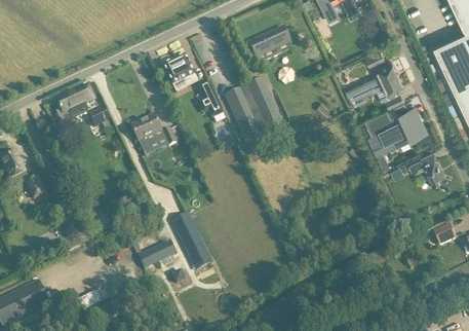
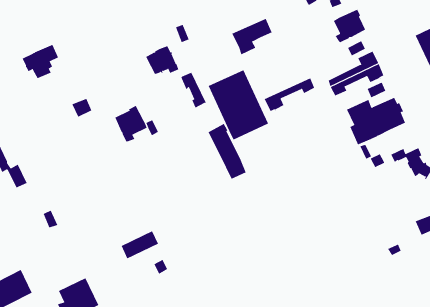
building: none -> [333,9,366,45]
building: [56,84,93,119] -> [22,44,59,79]
building: none -> [264,77,315,112]
building: [171,213,210,269] -> [208,123,247,180]

